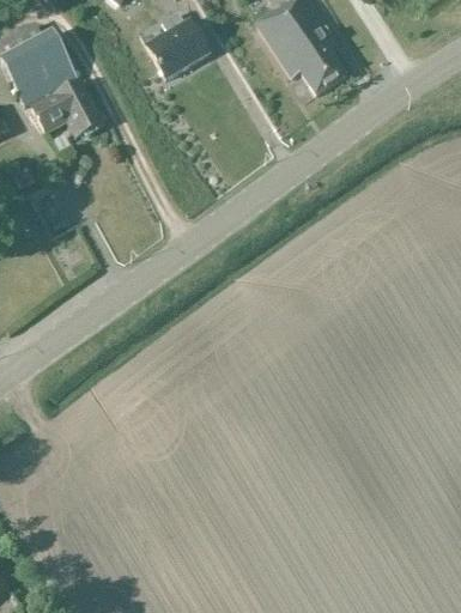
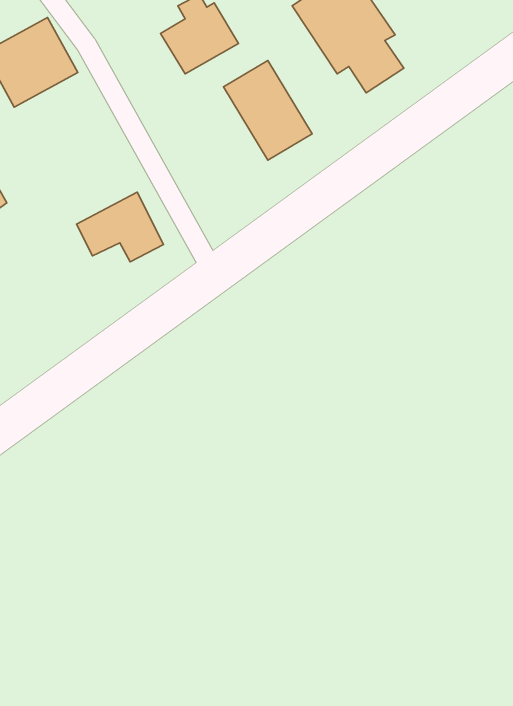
building: none -> [223,60,312,160]
building: [30,79,102,136] -> [76,192,163,262]

